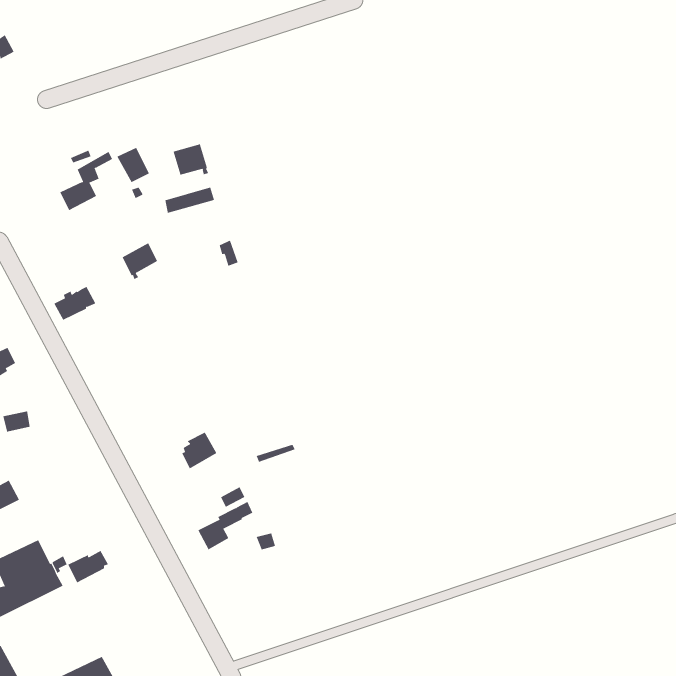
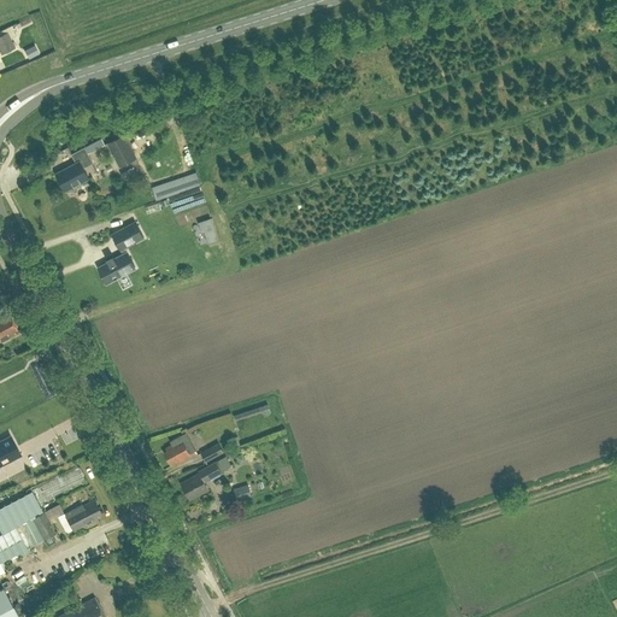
building: [173,144,209,175] -> none
building: [54,286,96,321] -> [96,253,135,284]
building: [181,432,217,469] -> [163,434,195,468]

